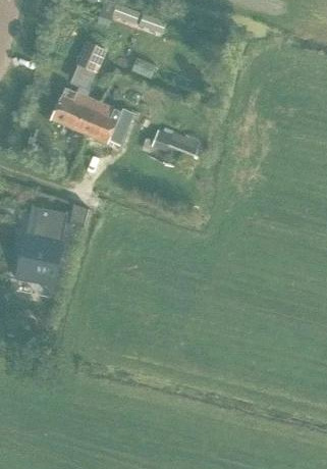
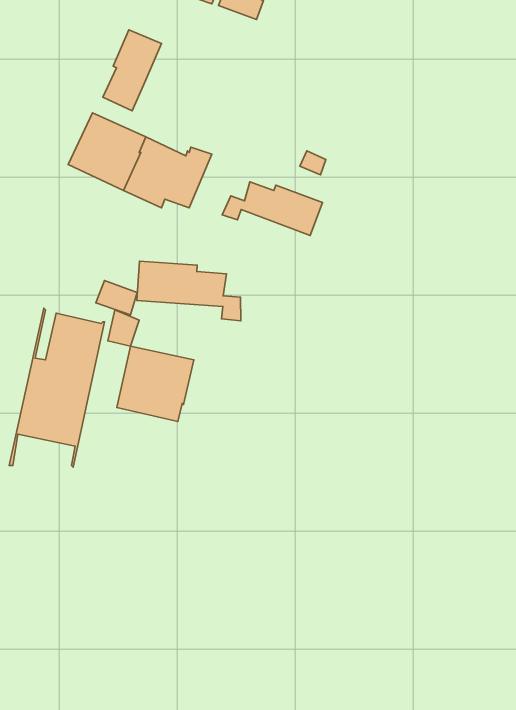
building: none -> [137,261,241,321]
building: none -> [117,346,194,422]

